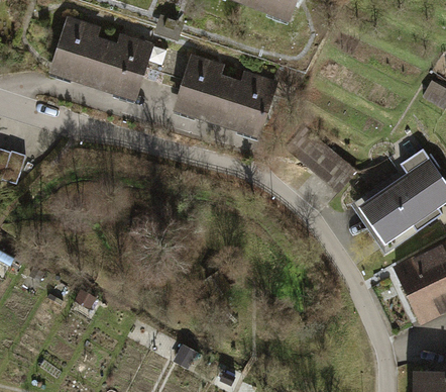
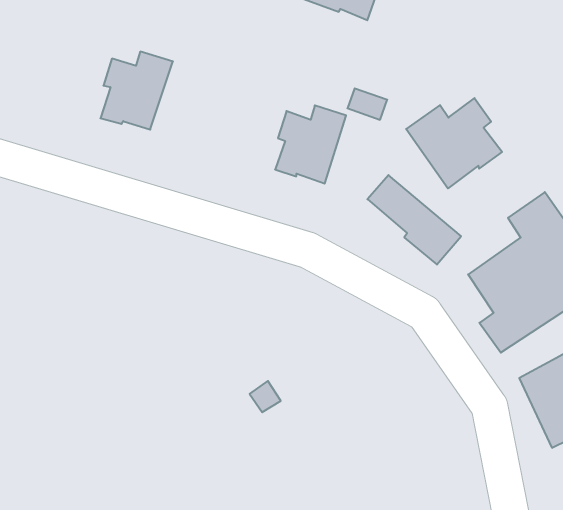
building: [52,19,107,85] -> none
building: [176,56,231,121] -> none
building: none -> [406,98,502,188]

